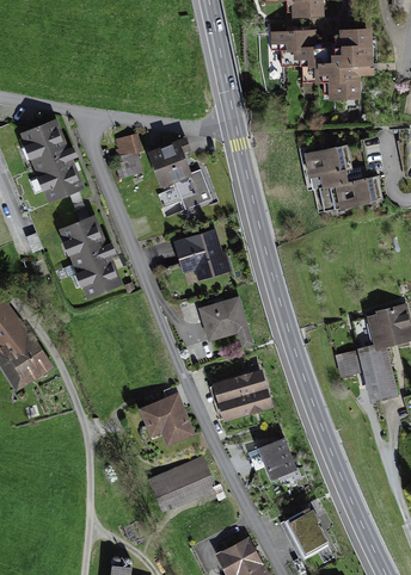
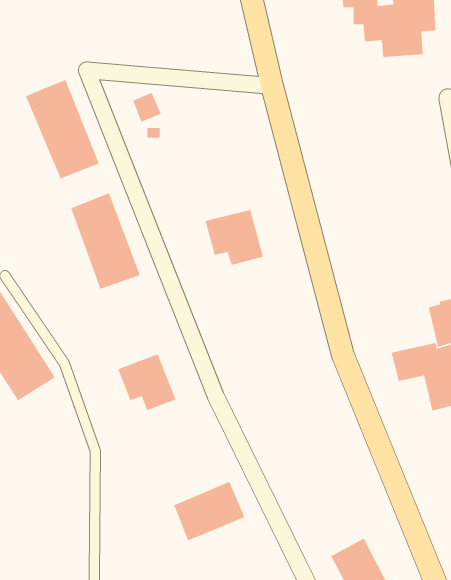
building: [146,134,211,211] -> none
building: [305,148,374,206] -> none
building: [200,298,250,348] -> none
building: [215,372,271,421] -> none
building: [141,395,191,444] -> [117,353,177,411]
building: [257,439,297,484] -> none

